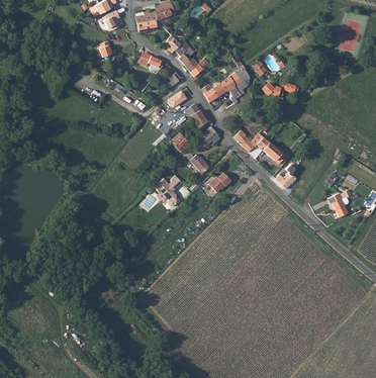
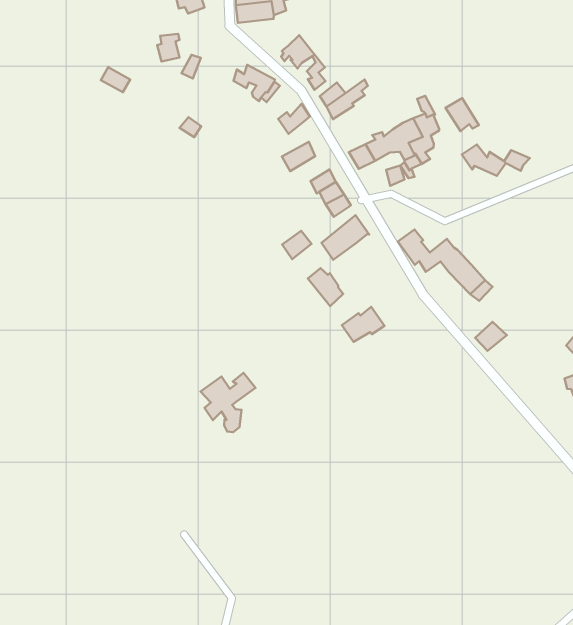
building: [154,175,182,206] -> [200,373,255,432]

